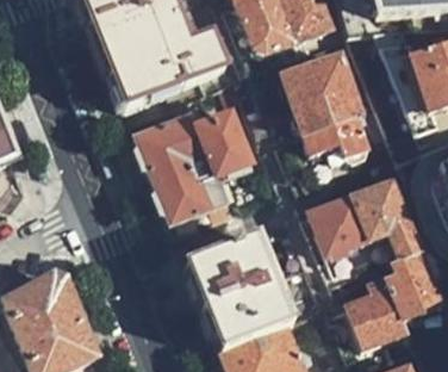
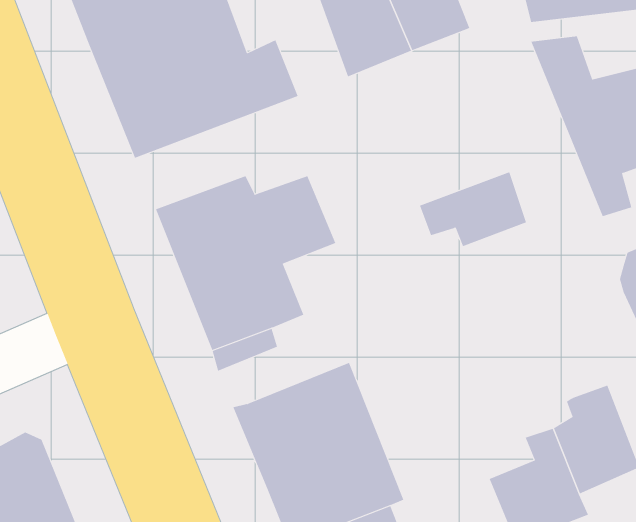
building: [281,54,361,134] -> none
building: [311,179,421,255] -> none

